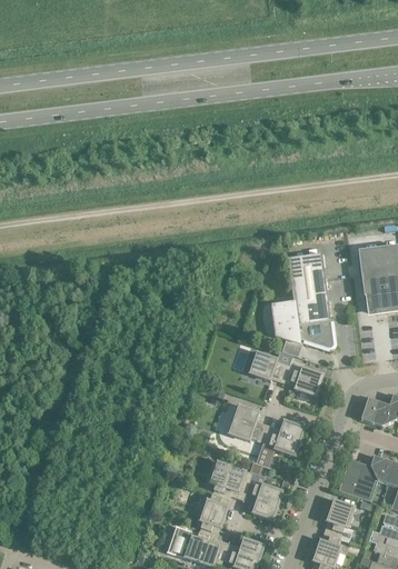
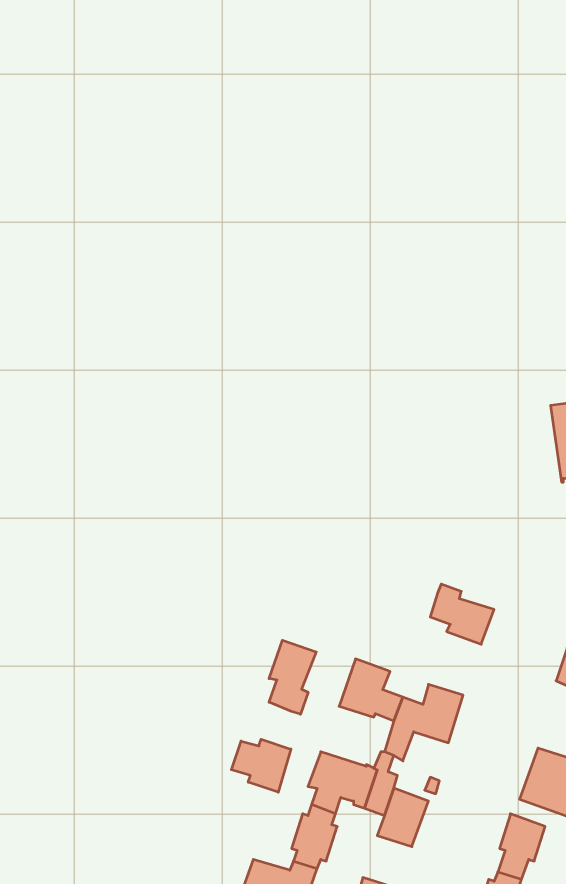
building: [270,253,332,356] -> none
building: [249,352,288,380] -> none
building: none -> [269,640,316,714]
building: none -> [231,739,291,792]

